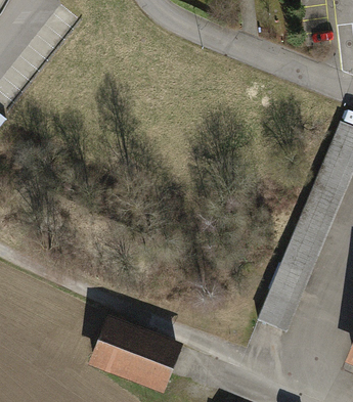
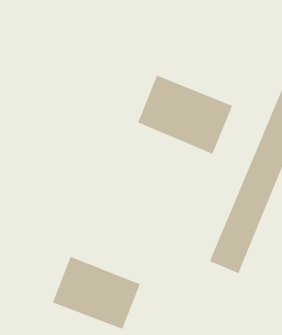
building: none -> [137,74,233,155]

